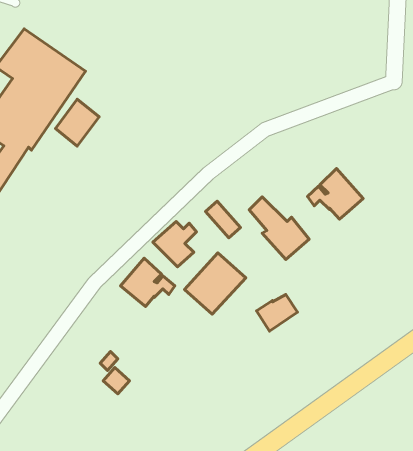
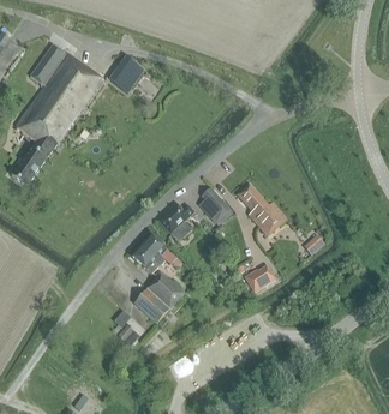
building: [55,99,99,146] -> [109,54,145,92]
building: [307,169,363,219] -> none
building: [184,253,246,314] -> [133,272,184,323]

